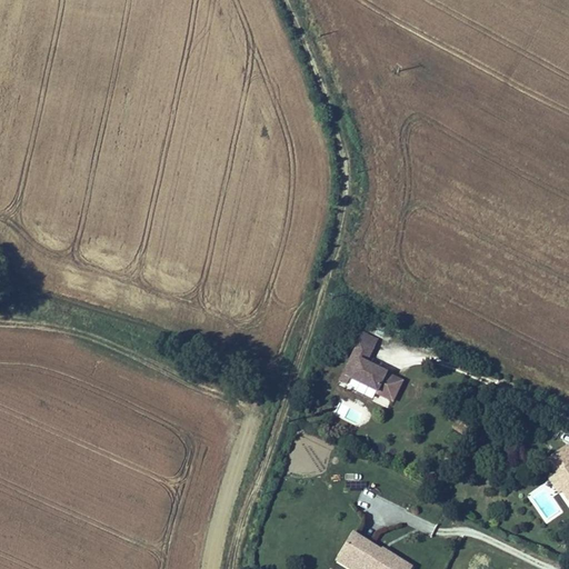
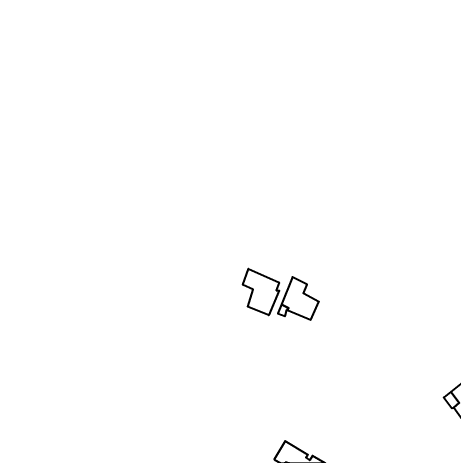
building: none -> [243,269,279,315]

